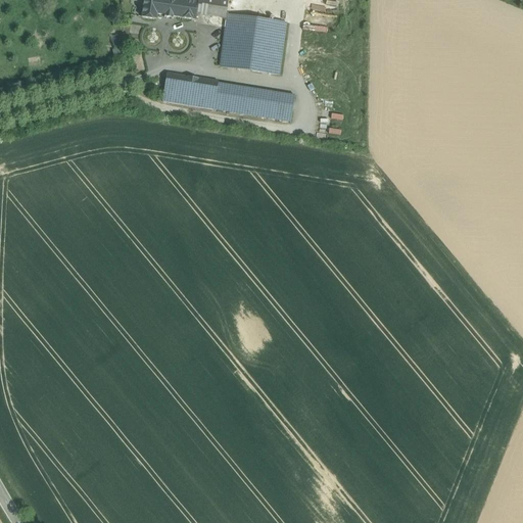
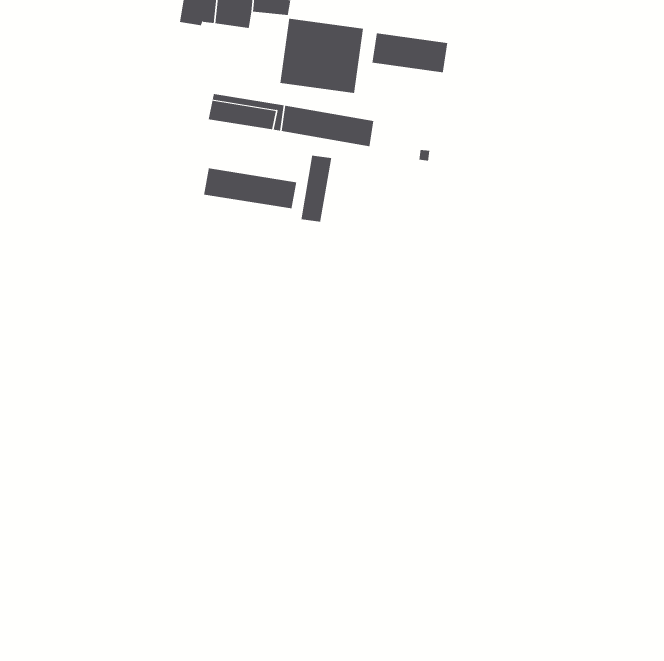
building: none -> [372,32,448,73]
building: none -> [301,155,332,223]
building: none -> [203,168,297,209]

